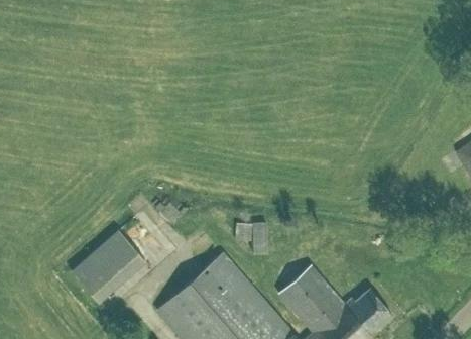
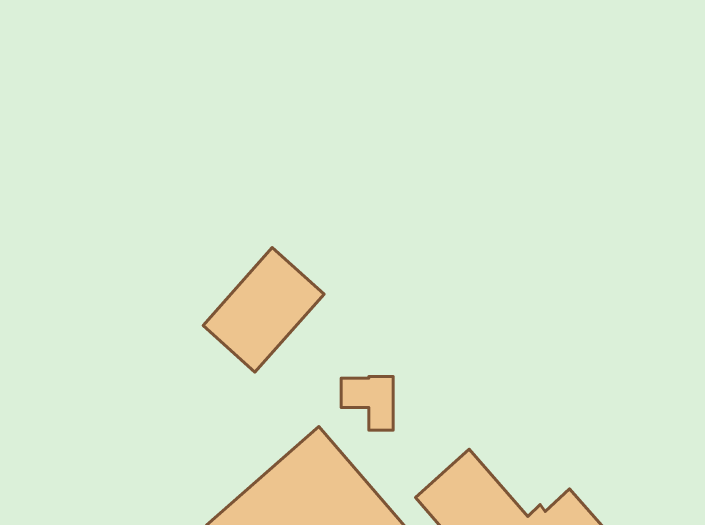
building: [77,223,147,296] -> [203,248,324,372]

